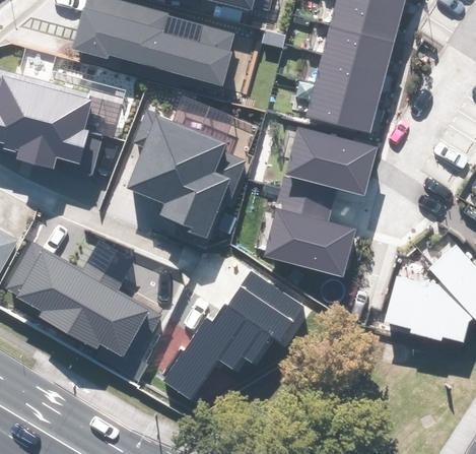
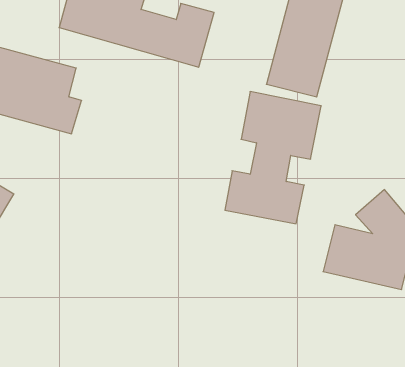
building: [135,119,254,233] -> none
building: [18,246,171,370] -> none
building: [155,281,300,402] -> none

